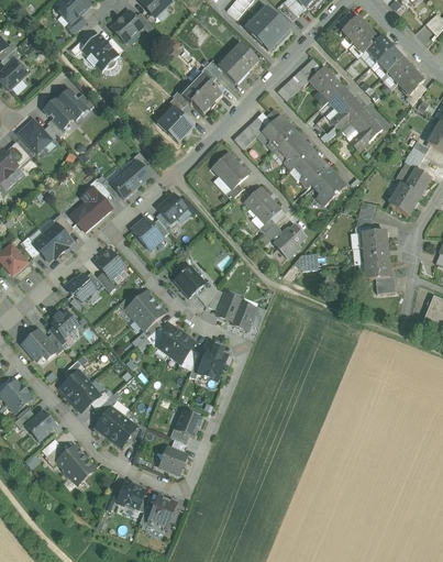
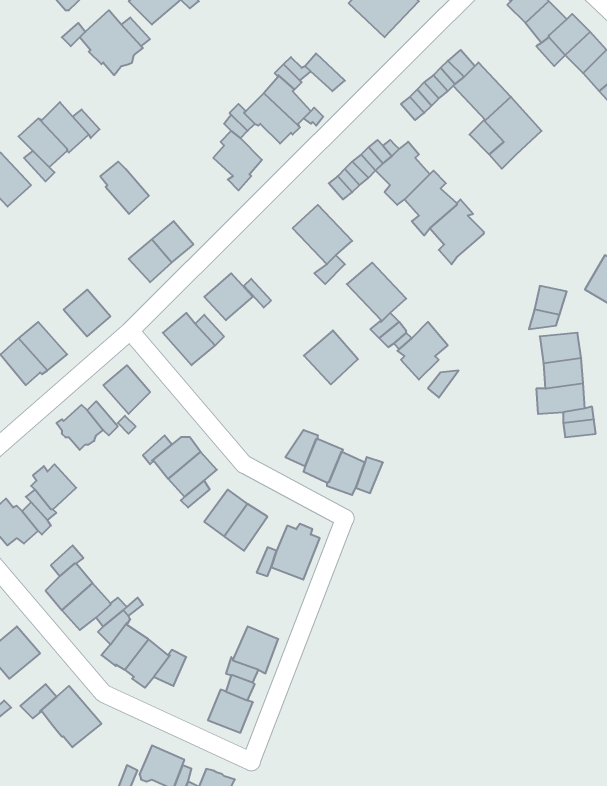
building: [225,44,258,76] -> none
building: [347,107,383,151] -> none
building: [311,167,344,206] -> none
building: [82,188,112,220] -> [100,162,149,214]
building: [173,265,206,298] -> [304,330,358,384]

